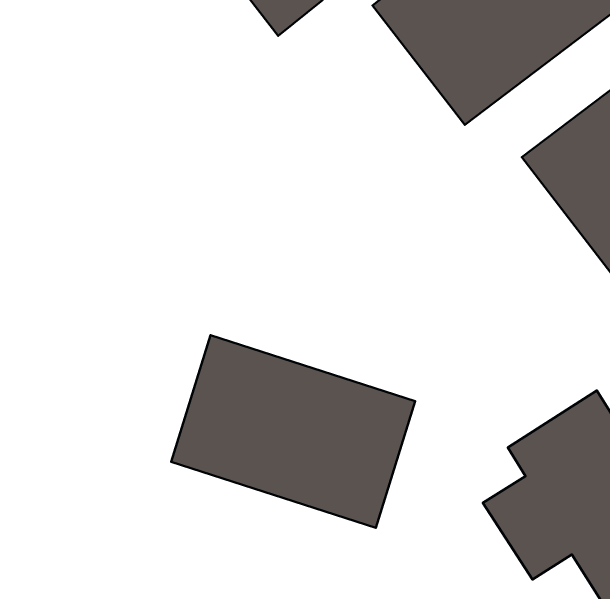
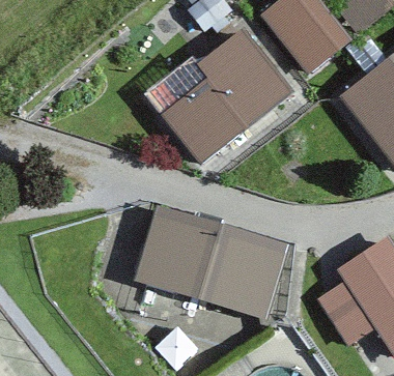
building: none -> [158,26,297,160]

